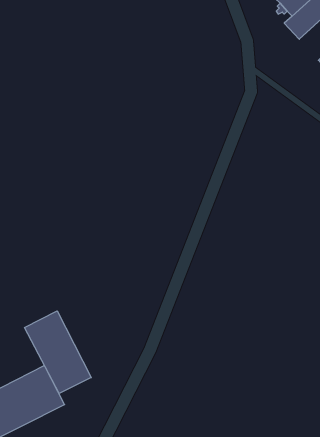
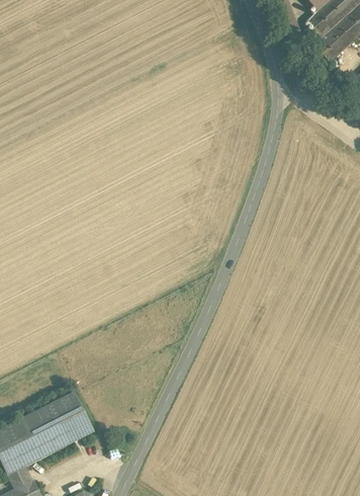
building: [25,311,91,394] -> none

